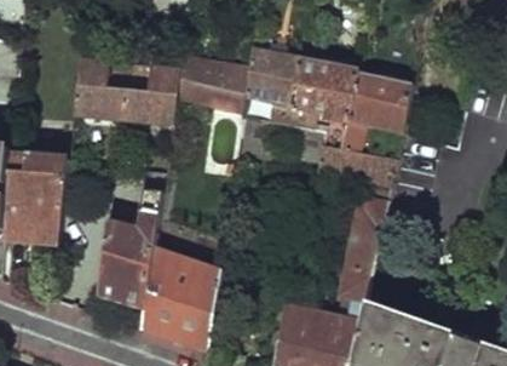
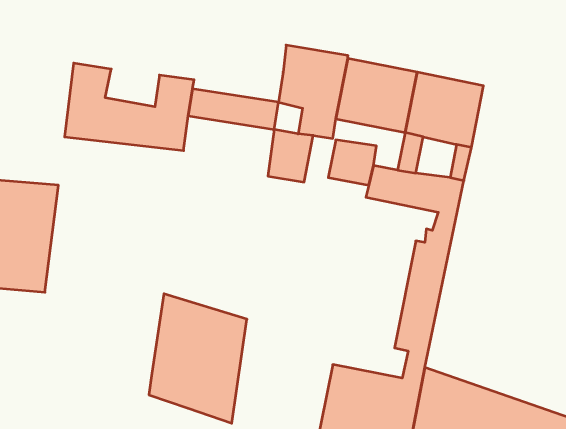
building: [175,57,248,92] -> none
building: [97,177,161,310] -> none

